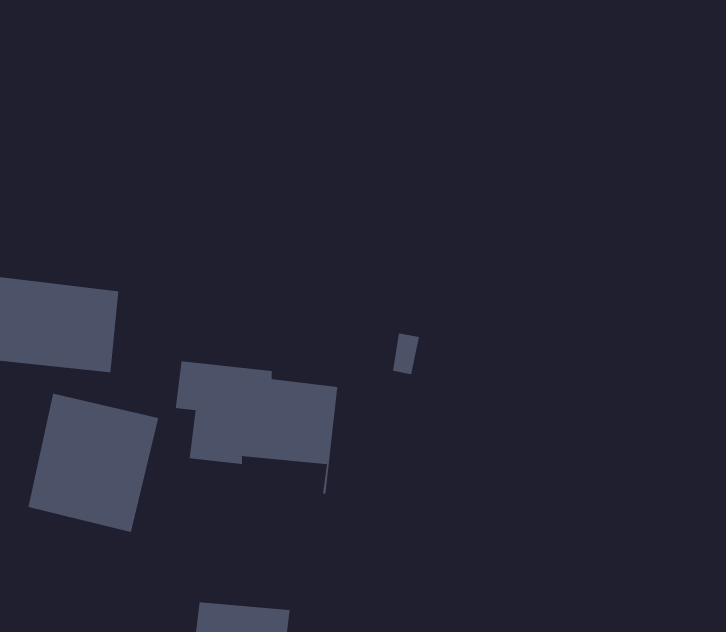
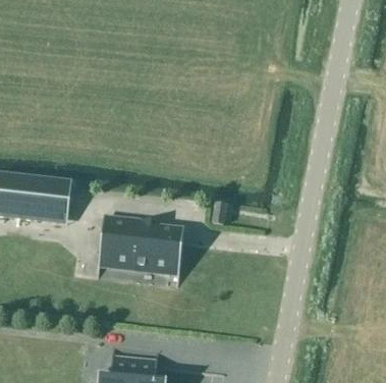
building: [28,393,159,533] -> none

